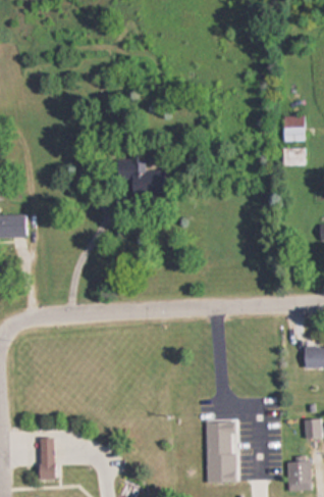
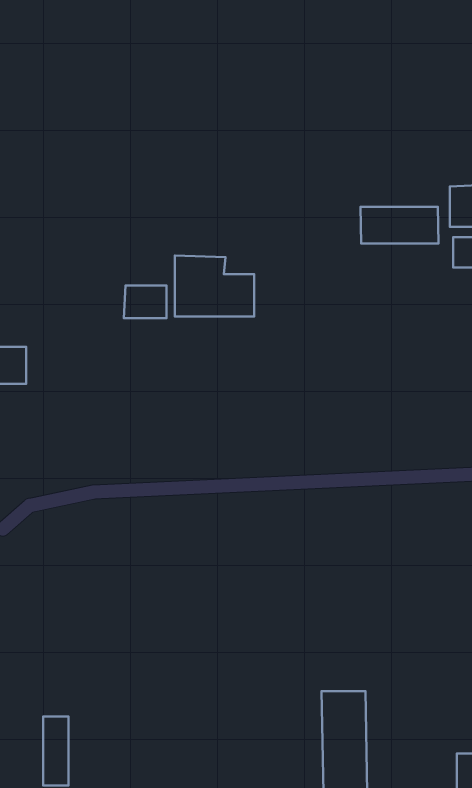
building: none -> [361,207,438,243]
building: none -> [124,285,167,318]

